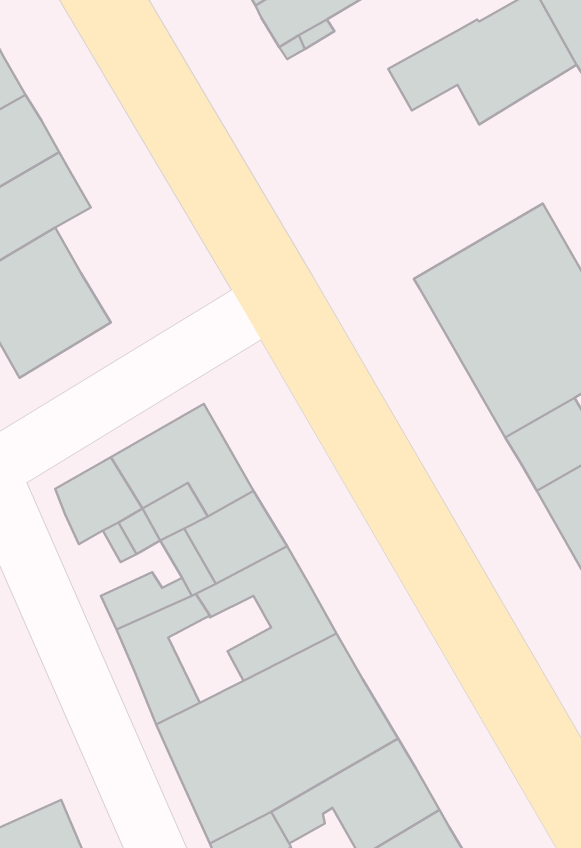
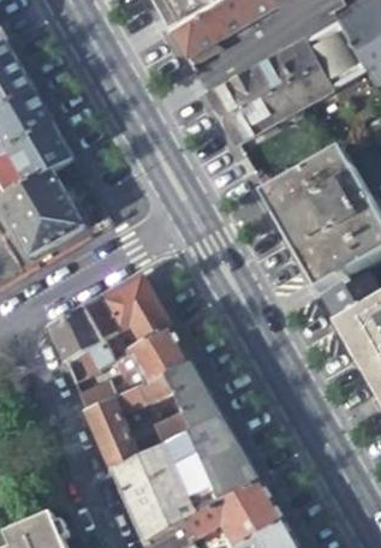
building: none -> [207,71,306,145]

